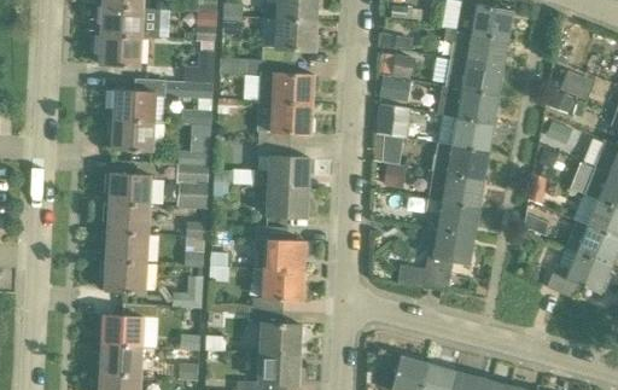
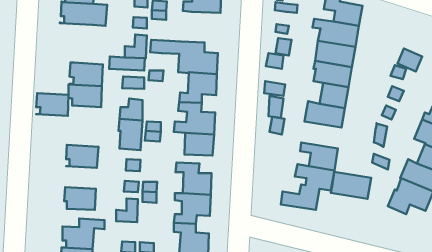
building: [262,18,316,60] -> none
building: [95,34,140,65] -> none
building: [427,169,483,206] -> [331,172,371,199]
building: [105,173,150,204] -> [36,93,69,116]
building: [103,231,146,262] -> none

